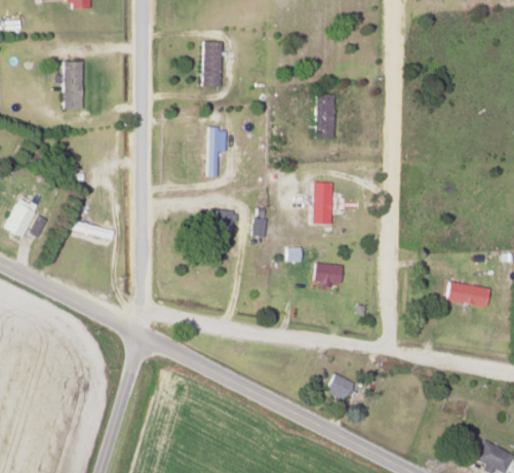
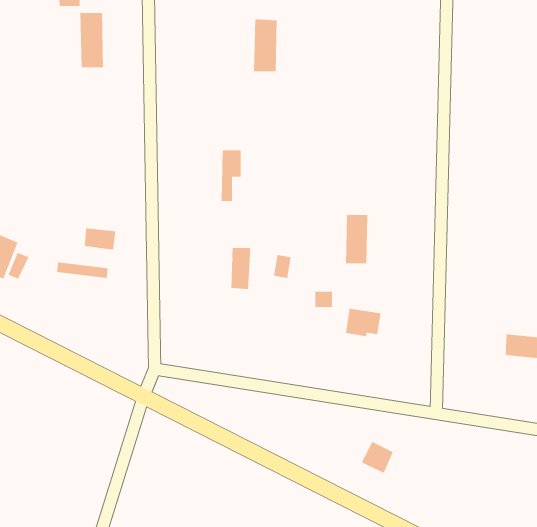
building: [202,41,223,86] -> [253,19,278,72]
building: [64,62,84,109] -> [80,12,104,68]
building: [316,94,334,139] -> none
building: none -> [84,228,116,251]

